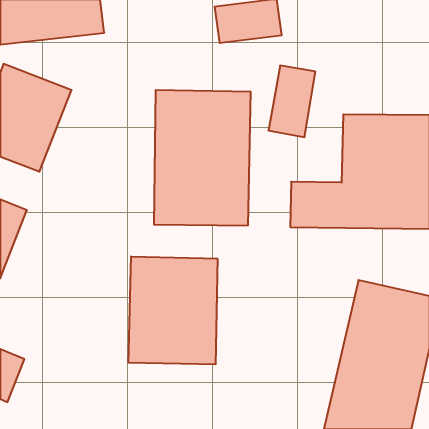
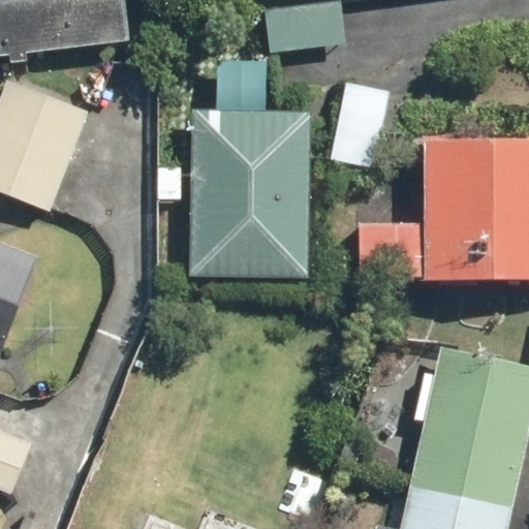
building: [129,256,217,364] -> none

